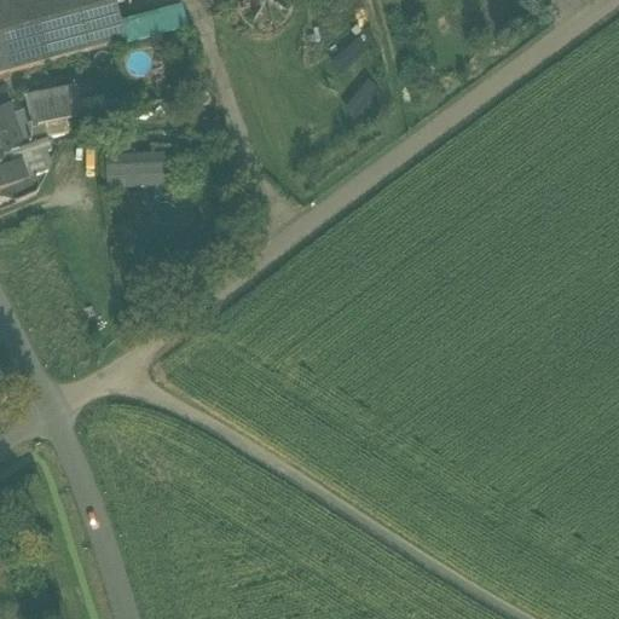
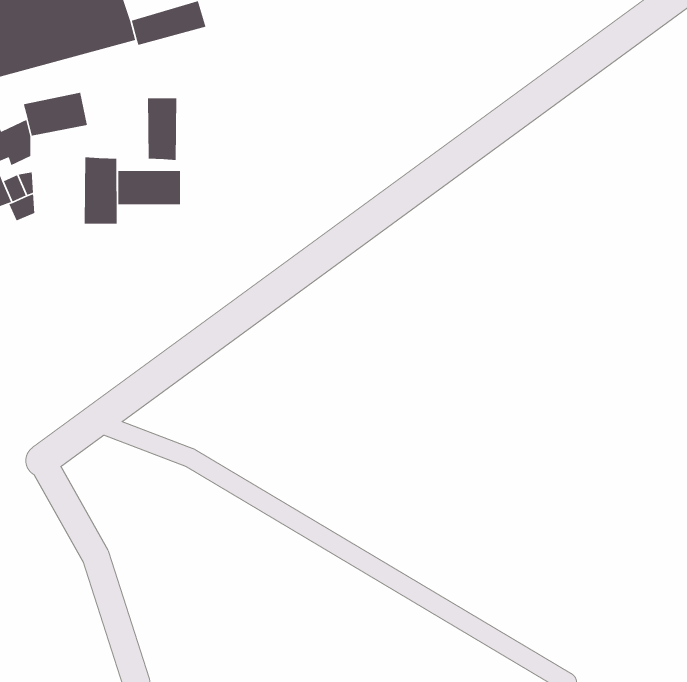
building: none -> [147,97,177,161]
building: none -> [84,156,118,224]

